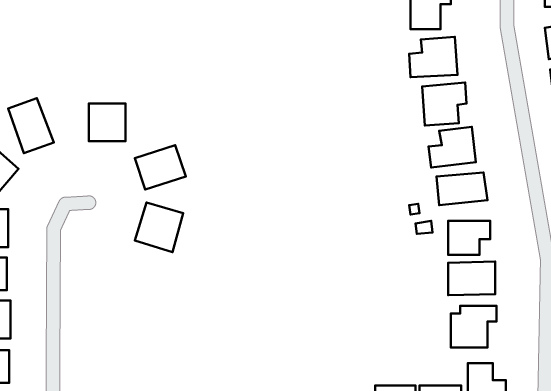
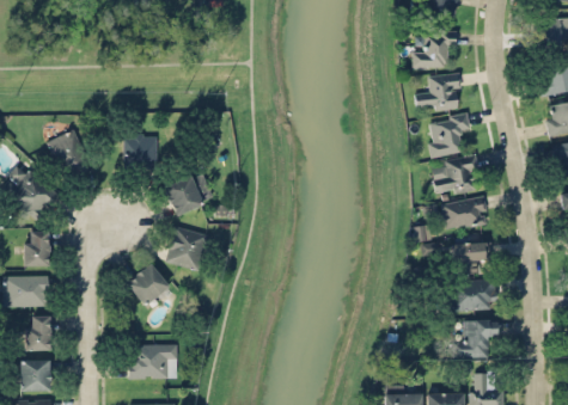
building: none -> [127,263,172,309]
building: none -> [129,344,178,379]

